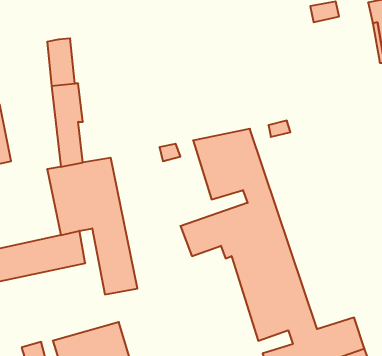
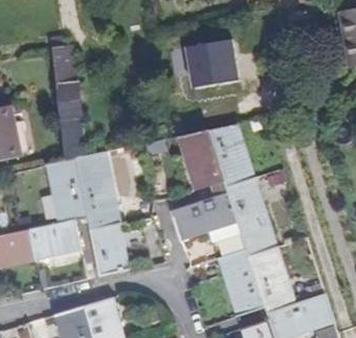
building: none -> [184,41,236,89]

